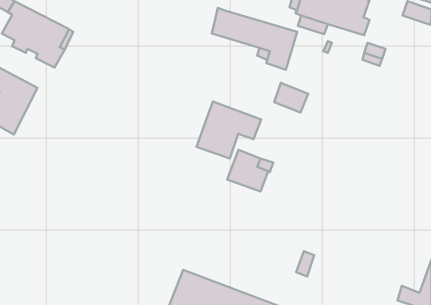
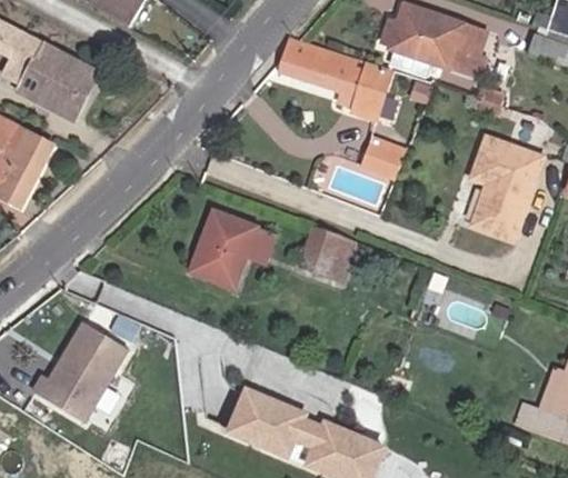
building: none -> [475,138,544,239]
building: [197,102,261,159] -> [191,213,276,288]
building: none -> [37,315,129,421]

